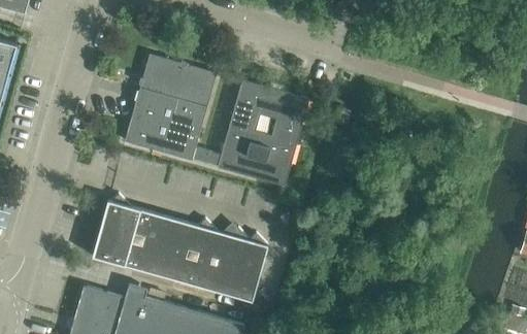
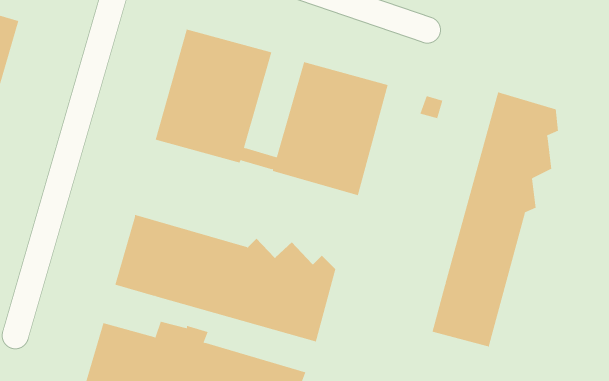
building: none -> [432,91,558,348]

